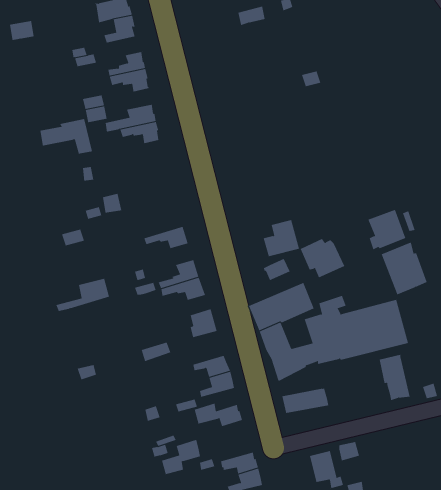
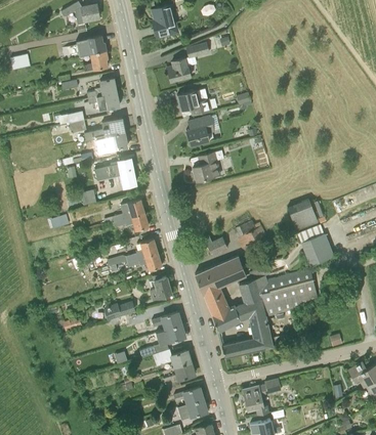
building: none -> [166,58,190,82]
building: none -> [176,89,211,115]
building: none -> [185,116,213,145]
building: [40,118,93,154] -> [94,159,135,186]
building: [263,220,300,257] -> [192,153,220,181]
building: [56,278,110,311] -> [102,199,144,224]
building: [379,354,411,401] -> [248,315,273,351]
building: [161,439,201,475] -> [163,362,194,390]

